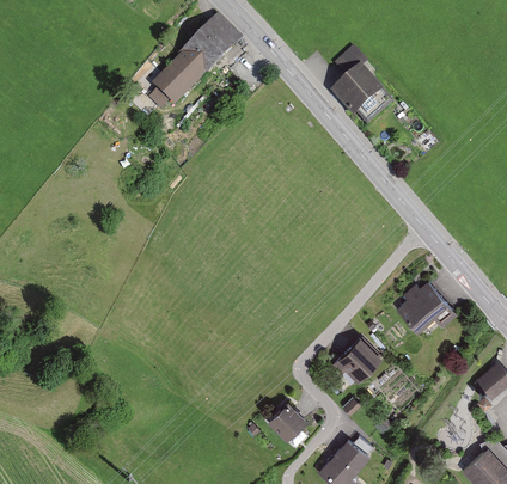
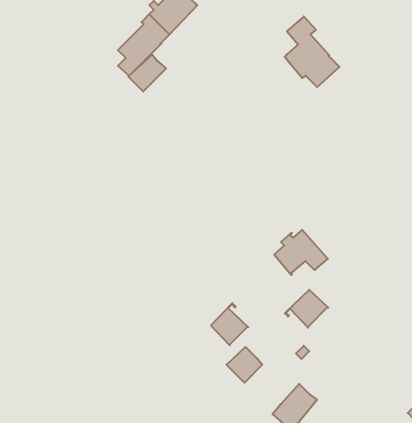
building: none -> [128,54,166,92]
building: [398,282,456,330] -> [274,230,328,275]
building: none -> [211,303,248,345]

